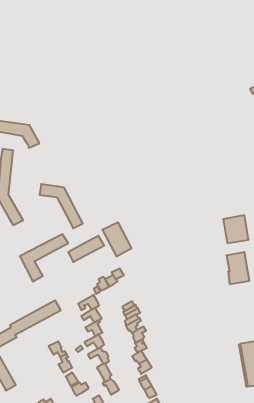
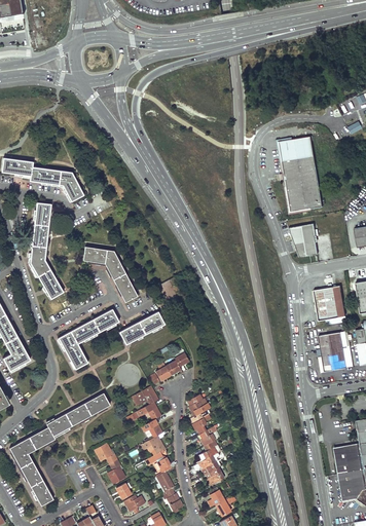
building: none -> [279,137,323,213]
building: none -> [289,224,318,257]
building: [103,222,131,257] -> none

